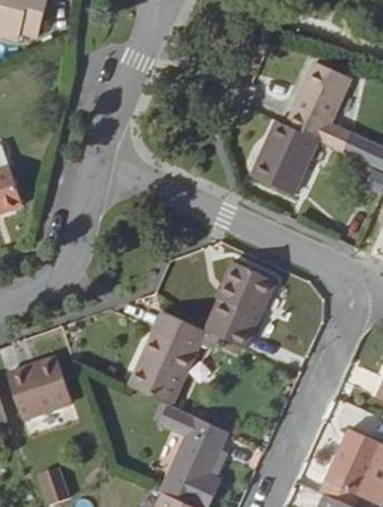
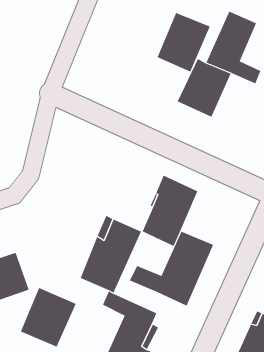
building: none -> [157,12,211,73]
building: none -> [129,231,214,307]
building: none -> [20,287,76,347]

